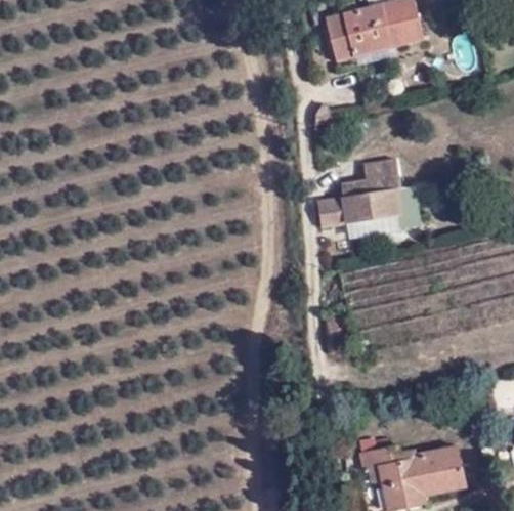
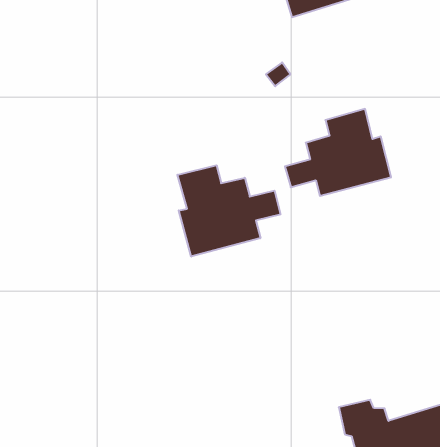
building: none -> [177,165,280,257]

